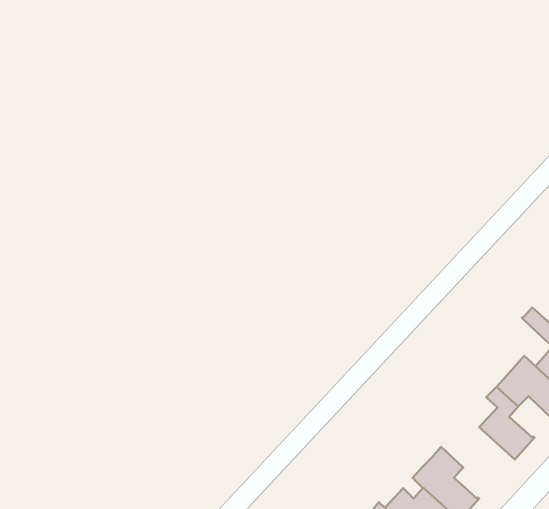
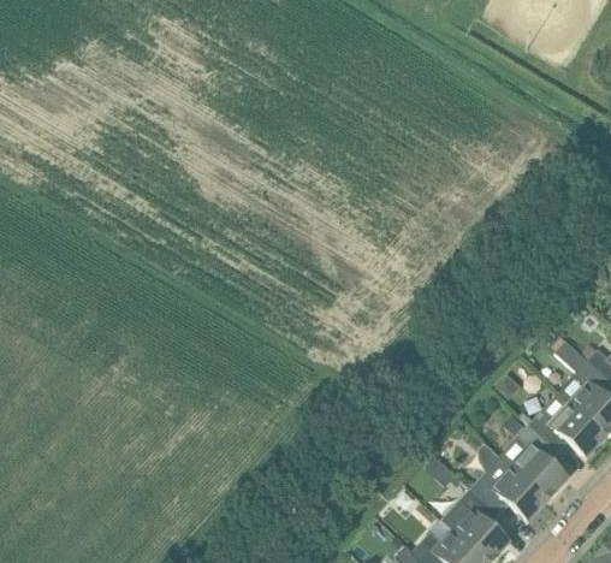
building: none -> [470,455,547,521]

